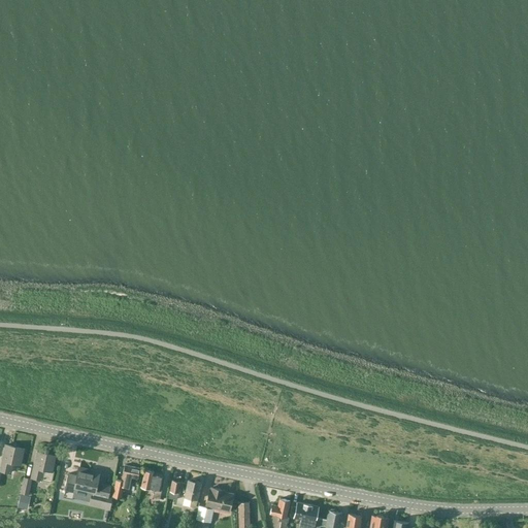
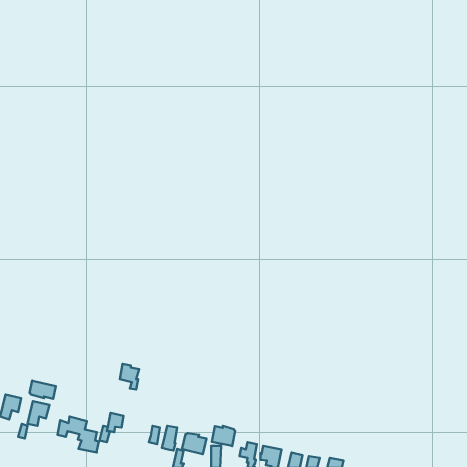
building: none -> [29,381,56,399]
building: [141,470,163,499] -> [120,364,139,389]
building: none -> [212,426,235,446]

